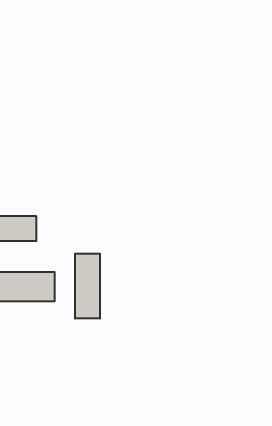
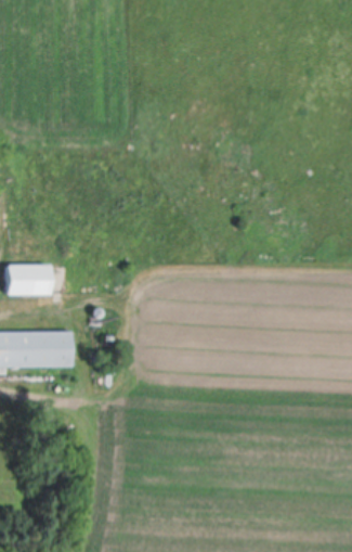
building: [75,254,100,319] -> none

